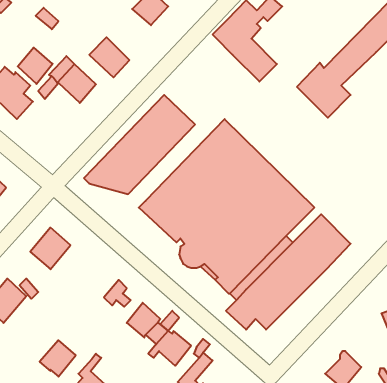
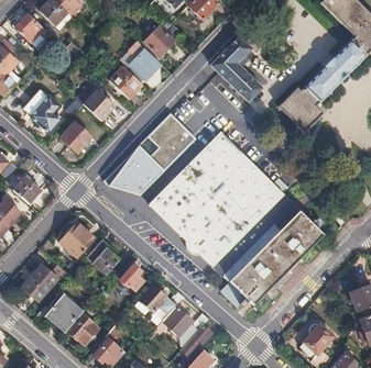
building: none -> [128,41,161,80]
building: [18,48,53,84] -> [61,123,89,153]
building: none -> [86,238,118,274]
building: none -> [45,293,83,331]

